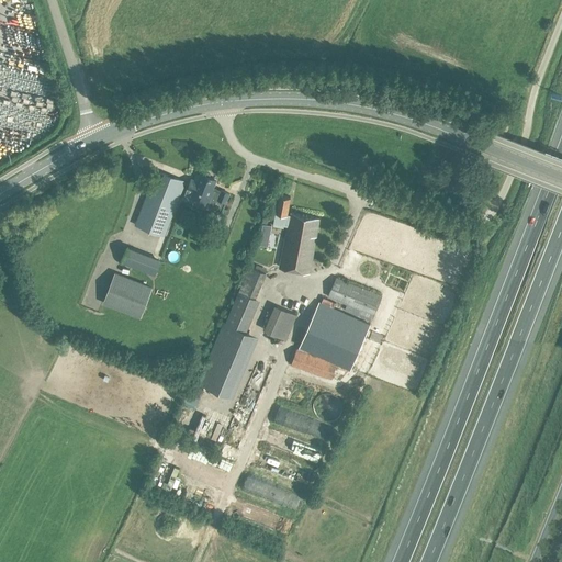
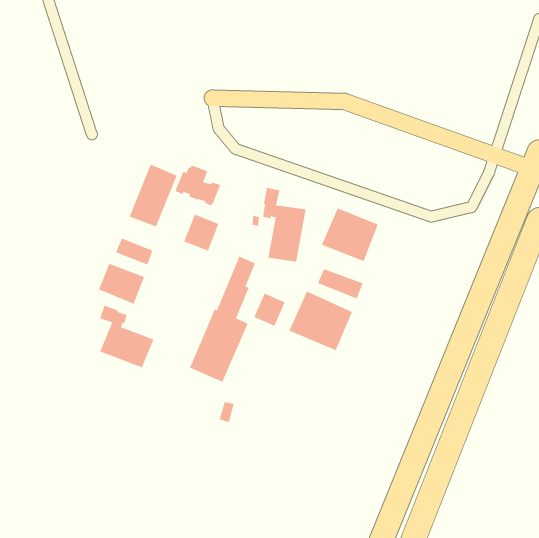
building: none -> [321,207,378,262]
building: none -> [184,214,219,252]
building: none -> [100,305,154,368]
building: [291,351,335,380] -> none

